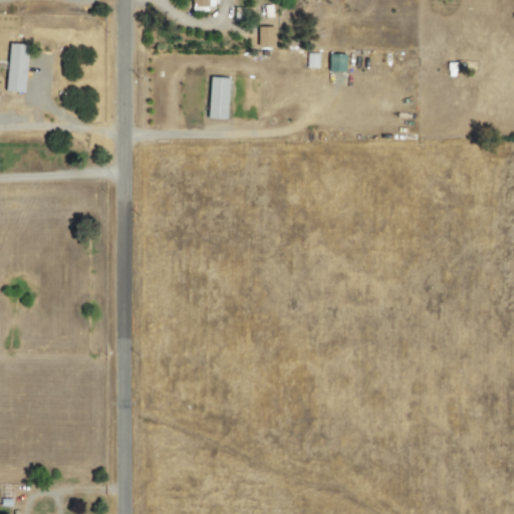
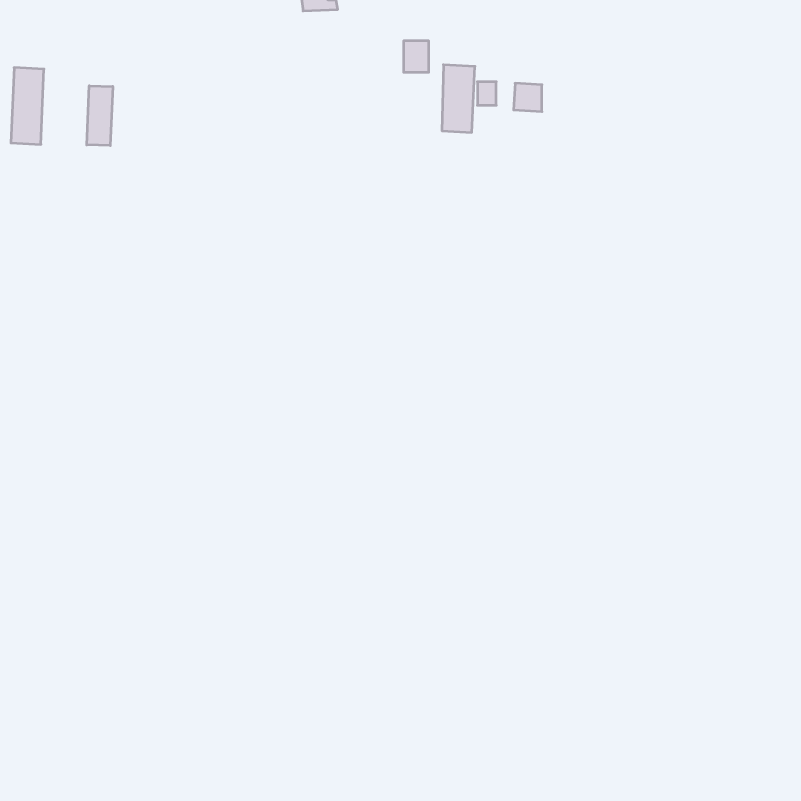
building: none -> [87,86,113,146]
building: [210,76,231,119] -> [442,65,475,132]

